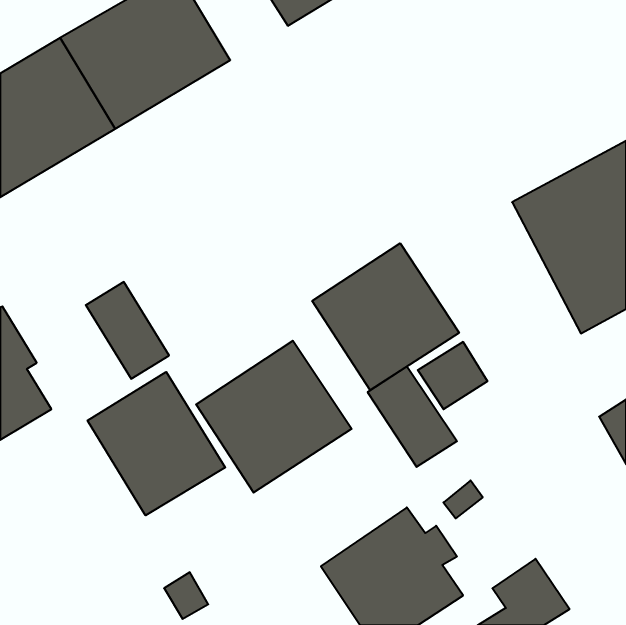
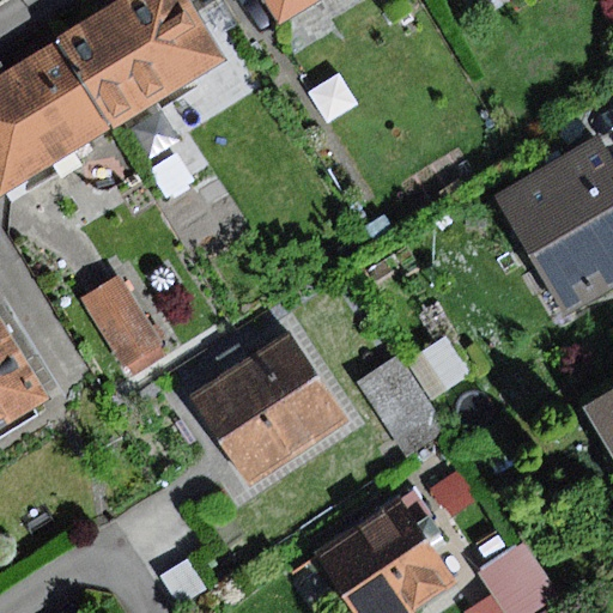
building: [312,243,459,390] -> none
building: [88,372,225,515] -> none

